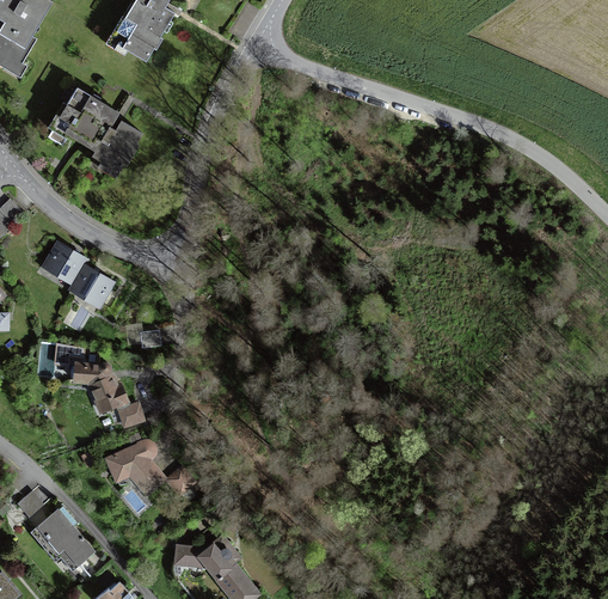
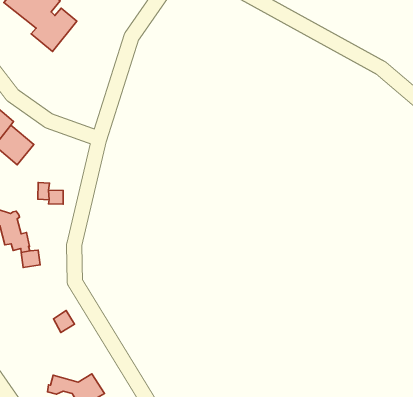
building: [106,441,162,493] -> none

